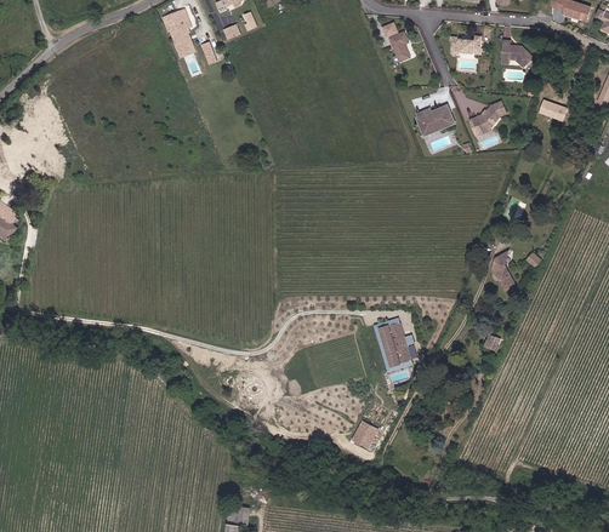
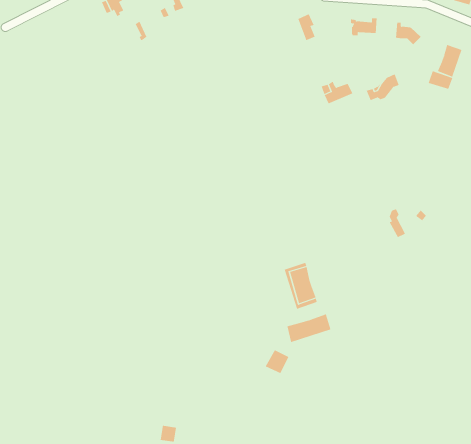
building: none -> [437,44,462,78]
building: none -> [287,314,331,343]

